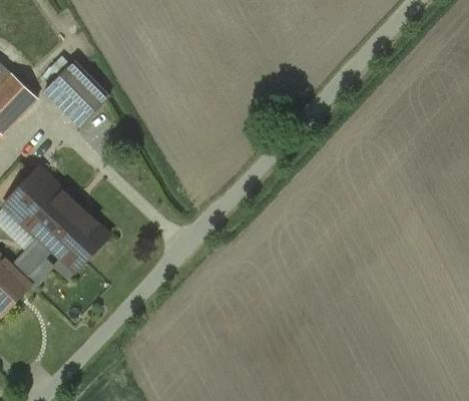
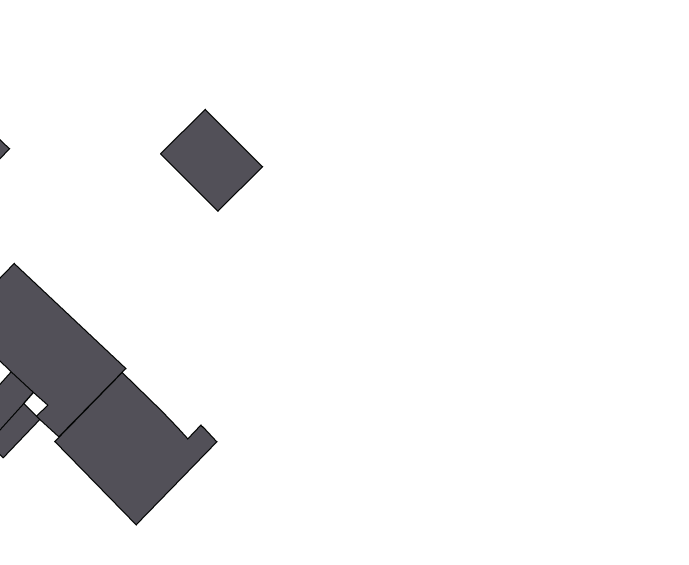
building: [43,62,107,126] -> [161,109,263,211]
building: none -> [55,372,217,525]

